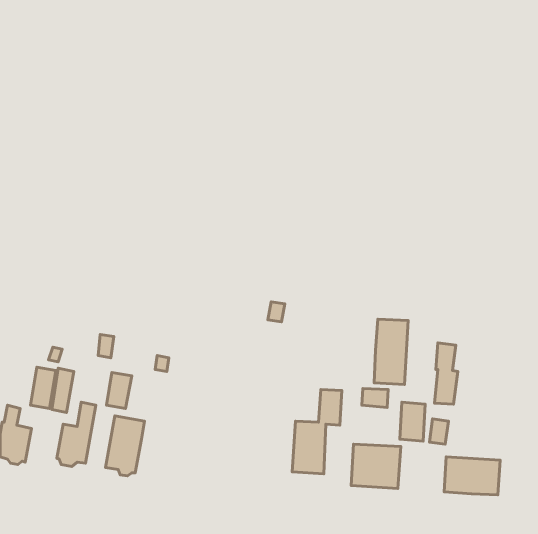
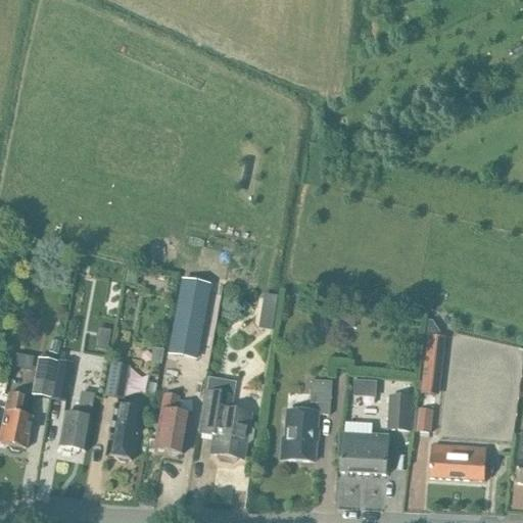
building: none -> [167,276,209,356]
building: [374,319,408,384] -> none
building: none -> [201,389,252,461]
building: none -> [155,390,187,454]

